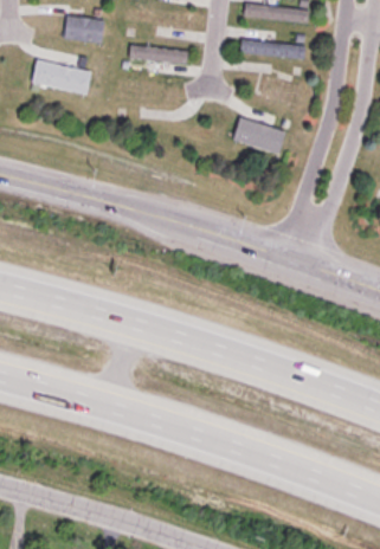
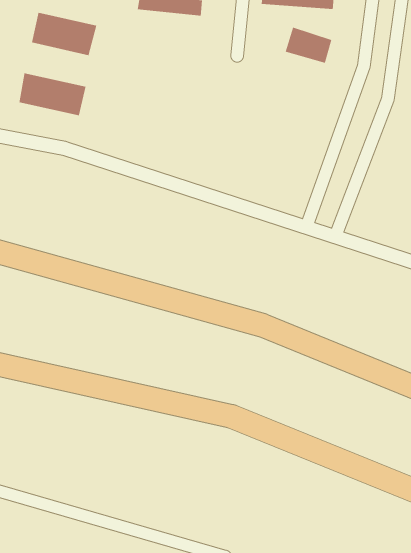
building: none -> [19,73,86,116]
building: [232,116,285,156] -> none

